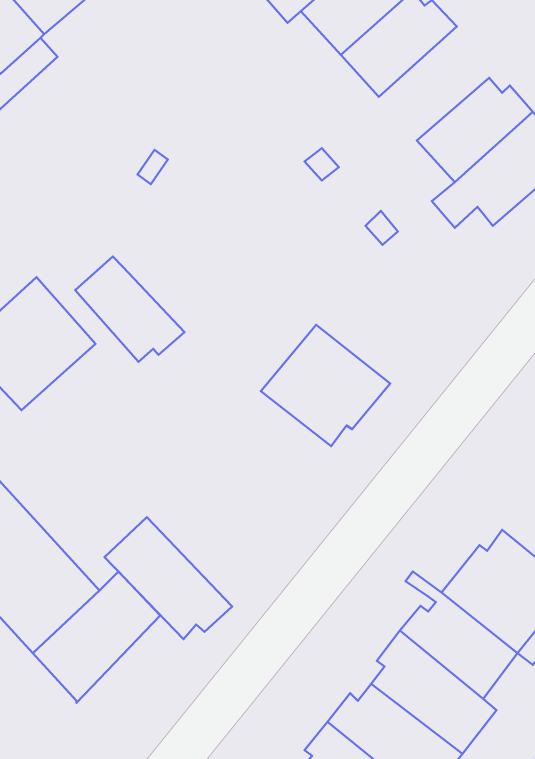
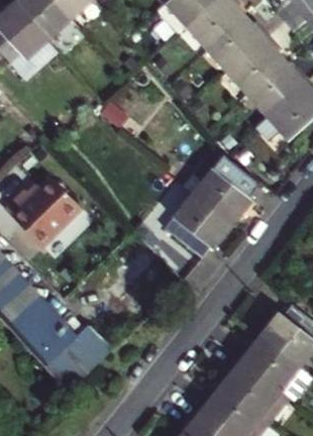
building: none -> [227,35,286,96]
building: [75,256,185,362] -> none
building: none -> [184,159,257,225]
building: [105,517,232,639] -> none

